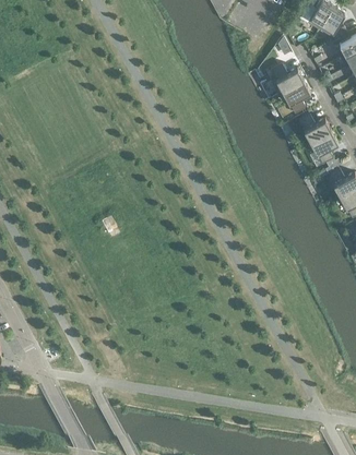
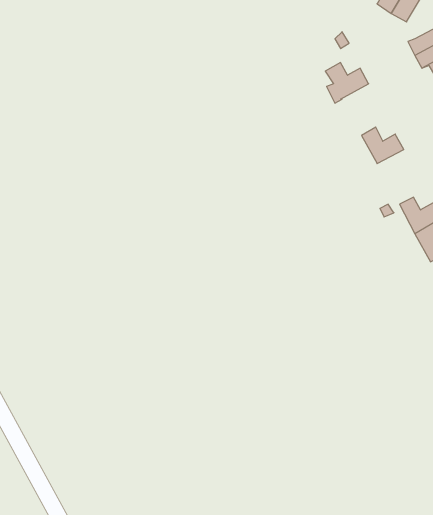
building: [280,76,308,110] -> none
building: [308,128,335,161] -> none

